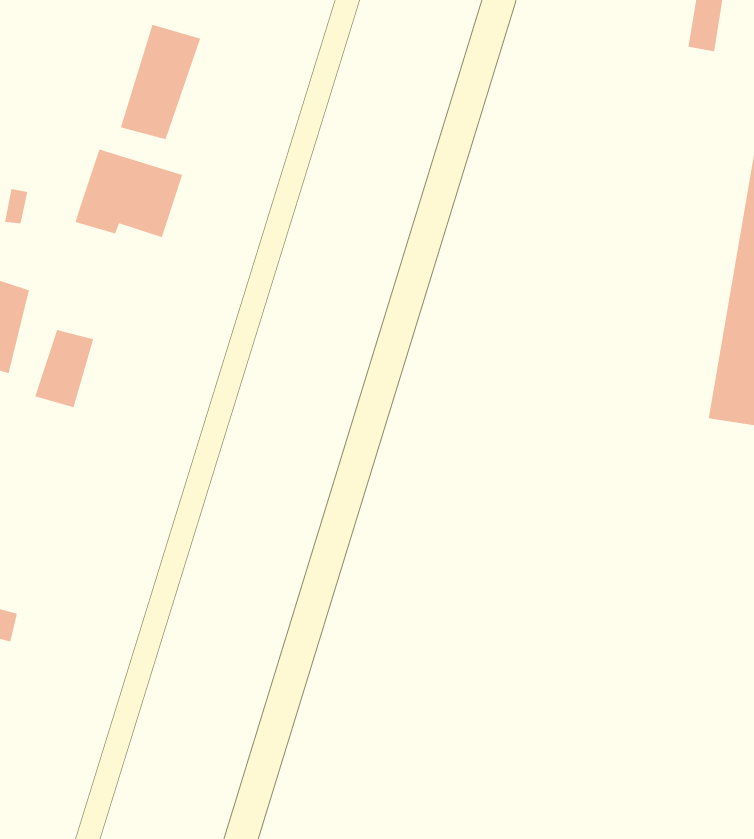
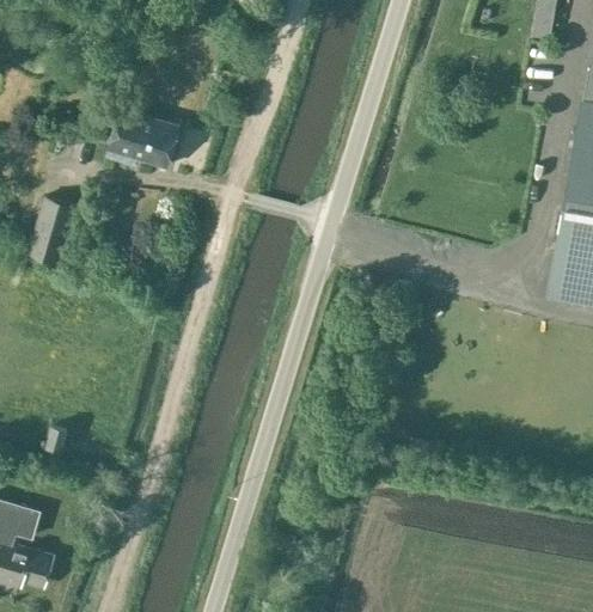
building: [120,24,201,140] -> none
building: [34,329,94,408] -> none

